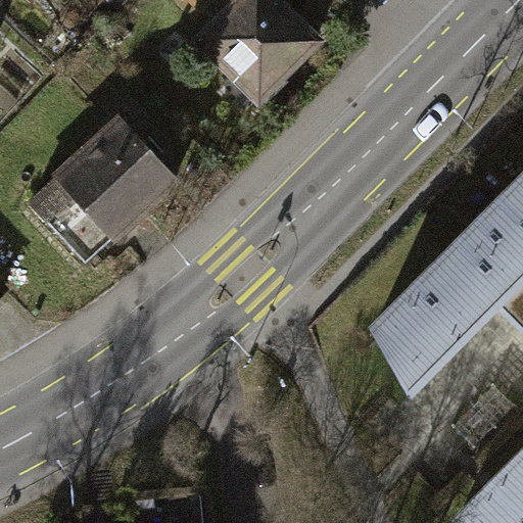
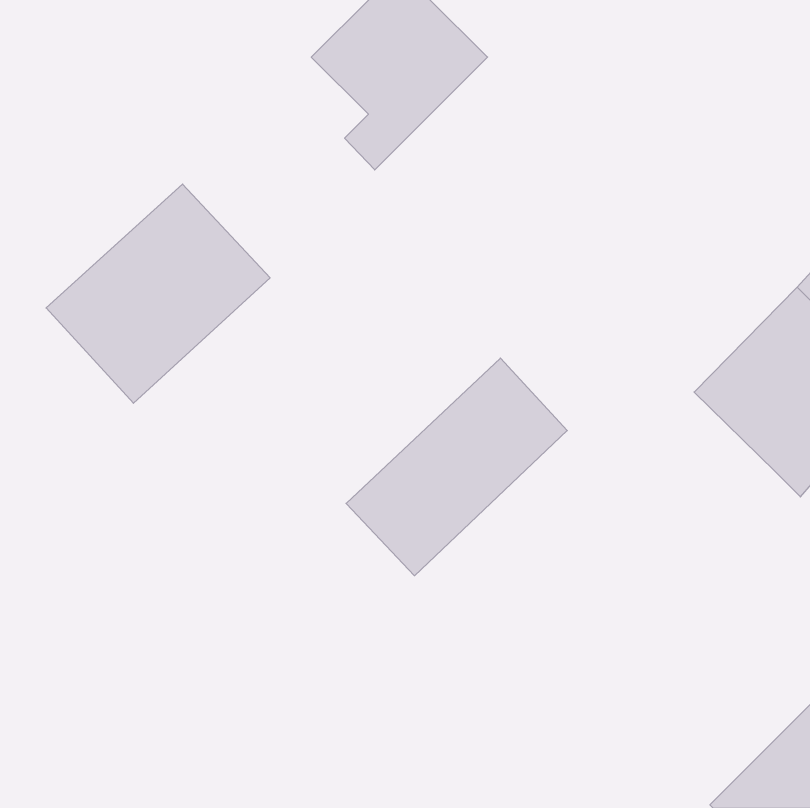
building: none -> [346,358,567,576]
building: [374,252,500,386] -> none

